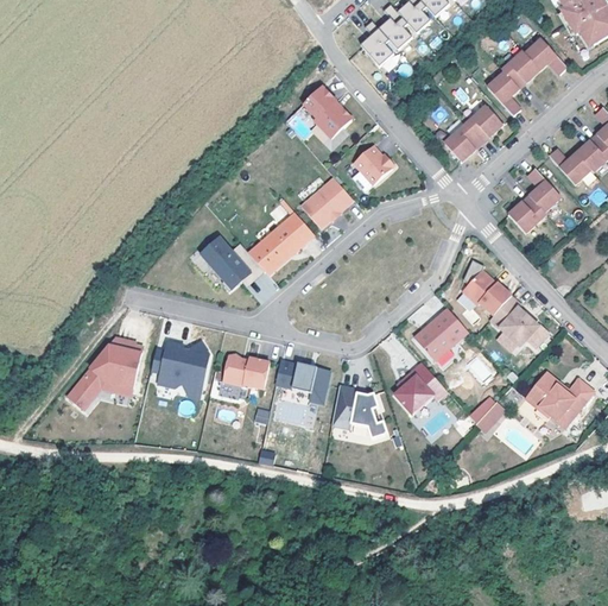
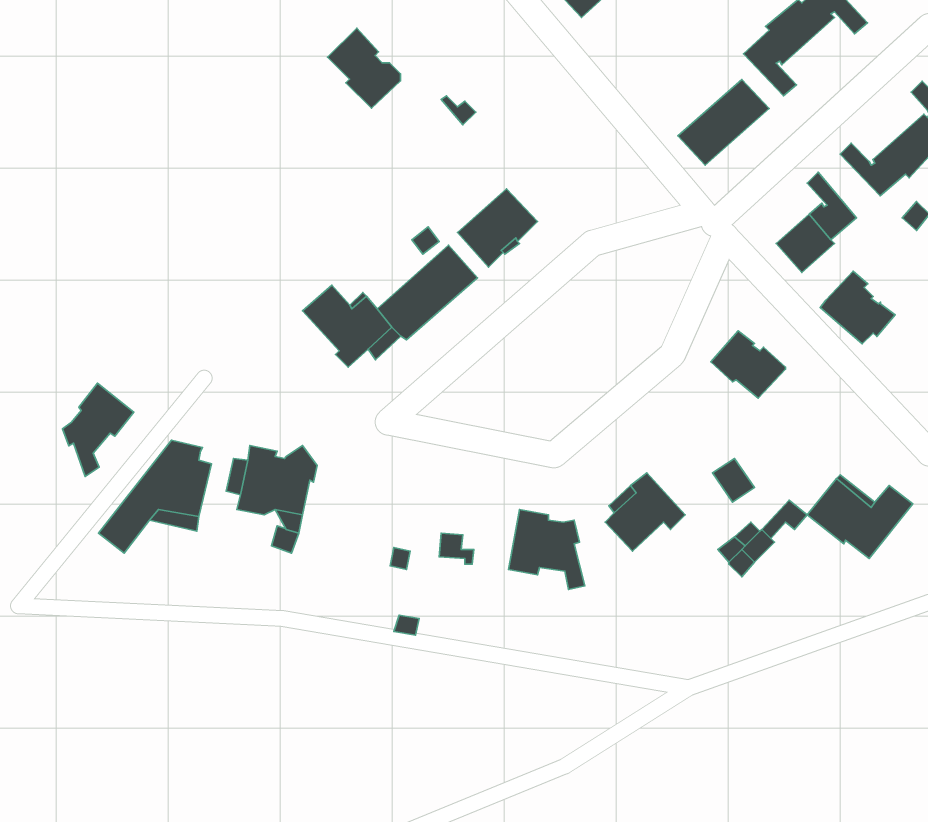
building: [300,87,348,139] -> [328,28,401,108]
building: [350,143,393,183] -> none
building: [492,295,540,342] -> [820,271,895,344]
building: none -> [63,383,134,476]
building: [416,309,469,360] -> none
building: [222,358,270,391] -> none
building: [274,362,330,408] -> none

